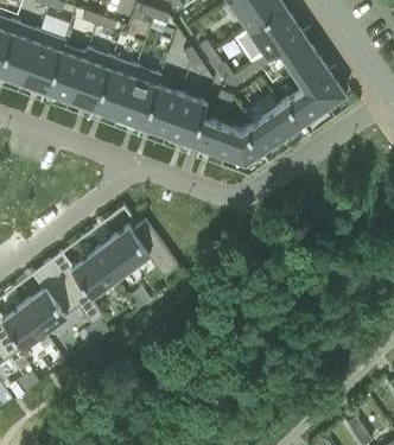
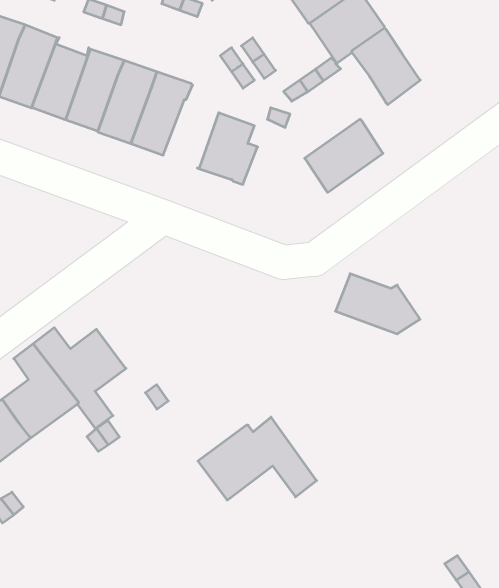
building: [285,74,345,127] -> none
building: [141,88,182,138] -> none
building: [199,122,261,166] -> [335,274,420,334]
building: [93,223,179,284] -> [198,417,317,500]

